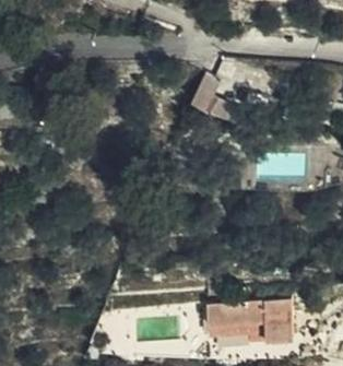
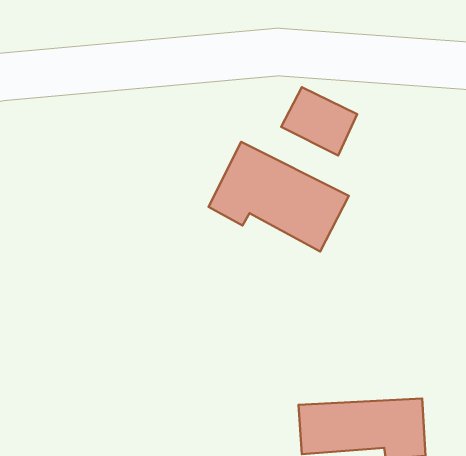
building: none -> [208,142,349,251]

